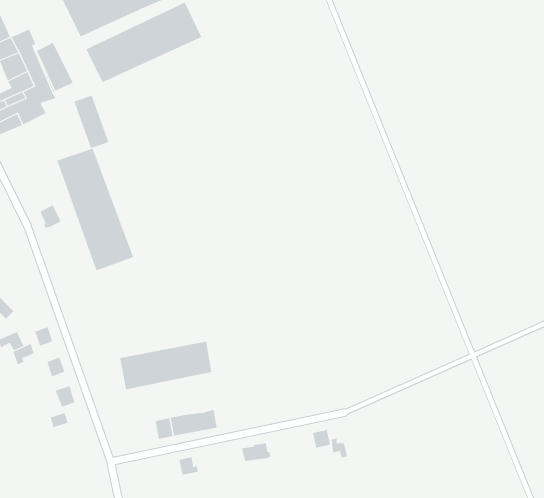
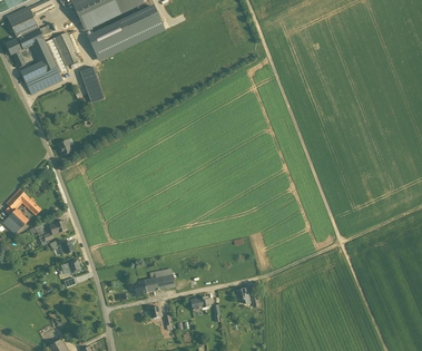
building: [56,148,134,271] -> none
building: [119,341,212,390] -> none

